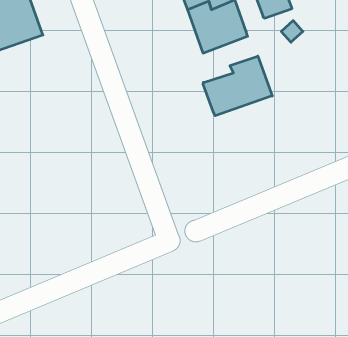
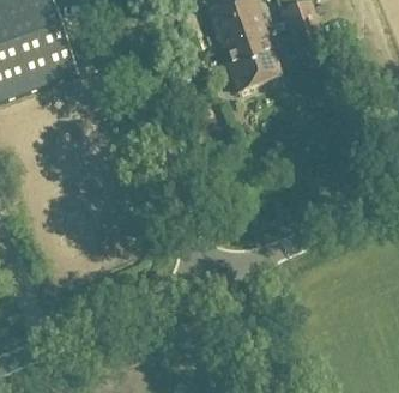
building: [203,56,272,116] -> none

